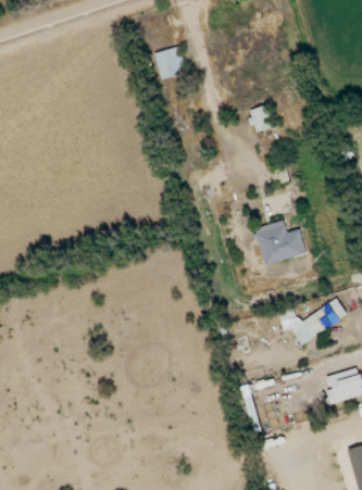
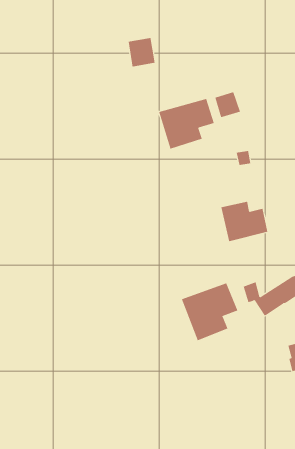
building: none -> [159,98,215,149]
building: none -> [181,282,238,341]

